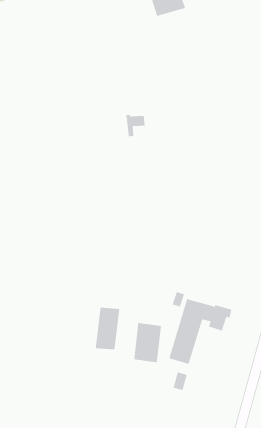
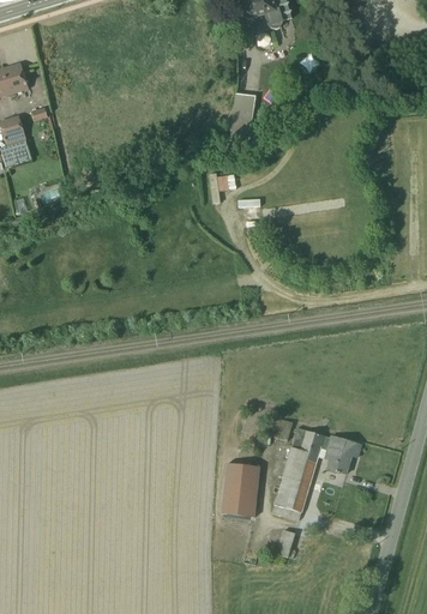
building: none -> [229,91,258,142]
building: [95,307,120,350] -> none

